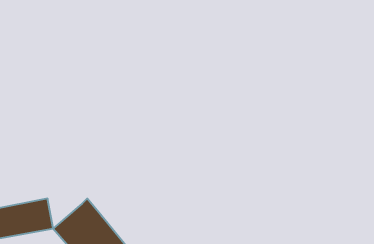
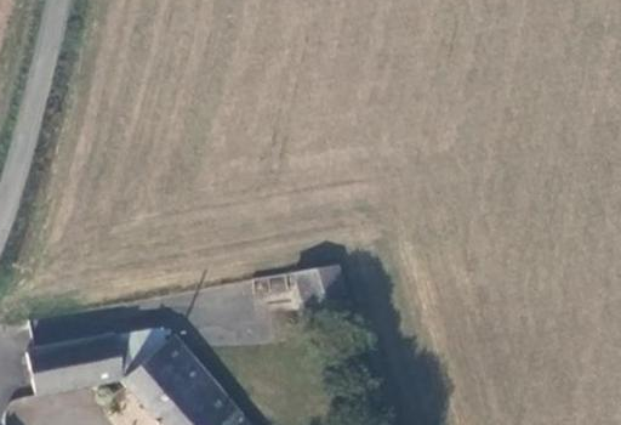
building: none -> [294,264,351,323]
building: none -> [113,327,165,379]

